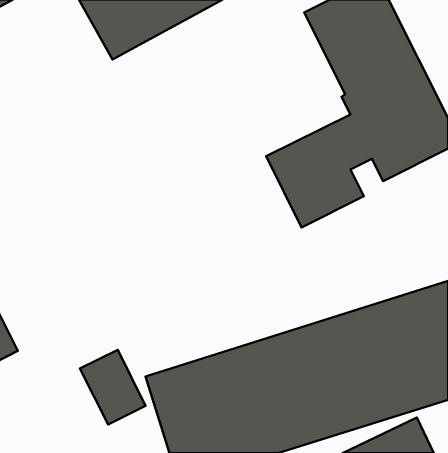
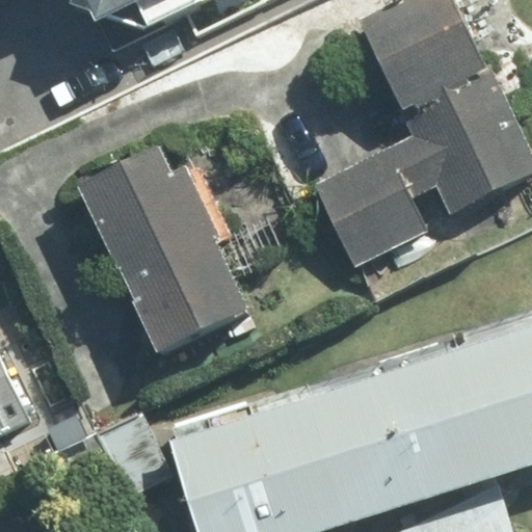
building: none -> [78,147,250,352]

